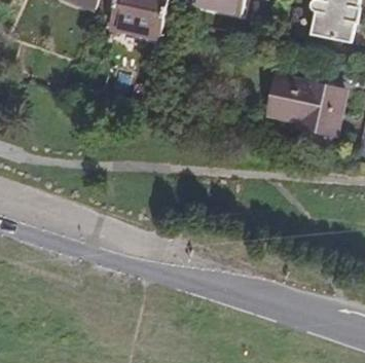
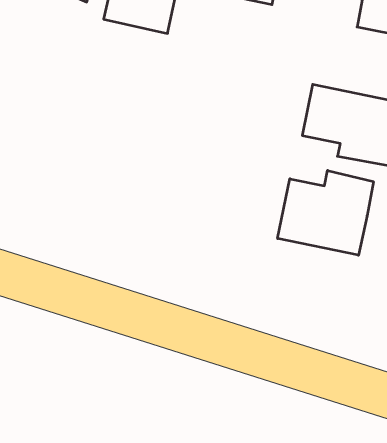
building: none -> [278,170,373,255]

